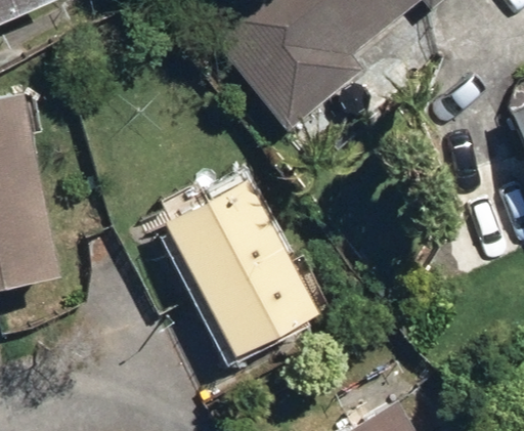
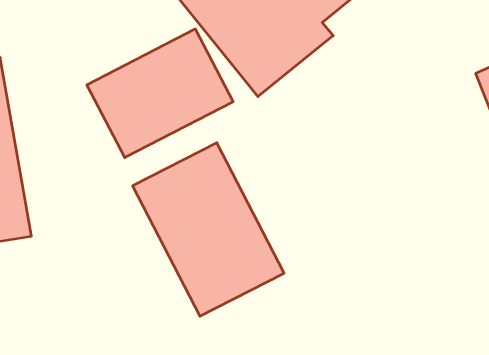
building: none -> [87,29,233,158]

